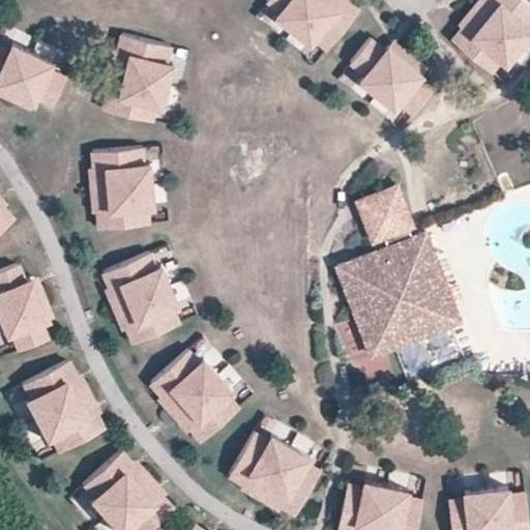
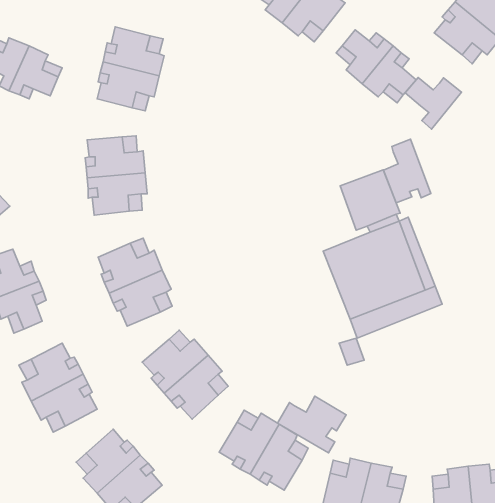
building: none -> [405,78,462,129]
building: none -> [384,139,431,203]
building: none -> [277,396,346,453]

